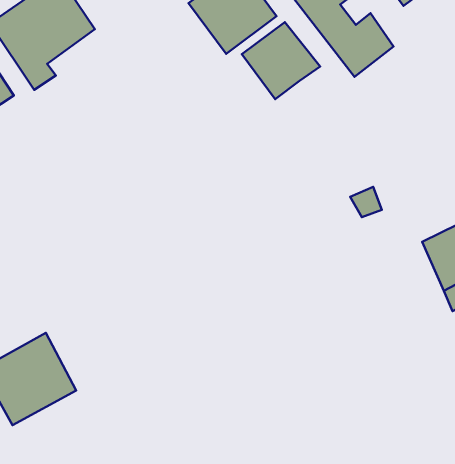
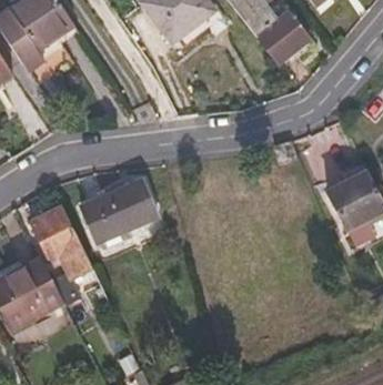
building: [242,22,320,99] -> none
building: none -> [83,181,161,244]
building: none -> [33,210,92,280]

